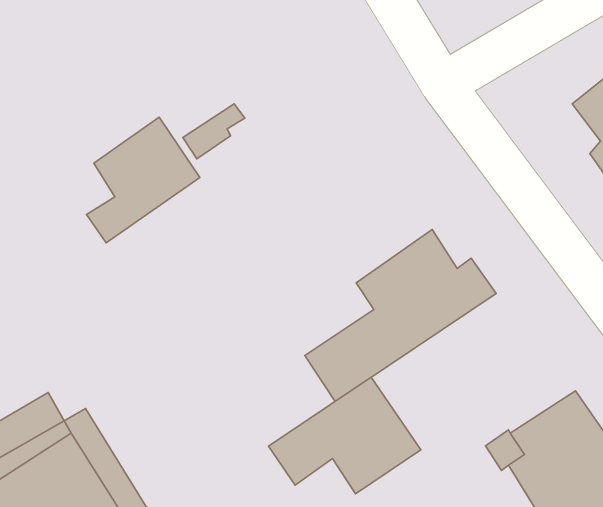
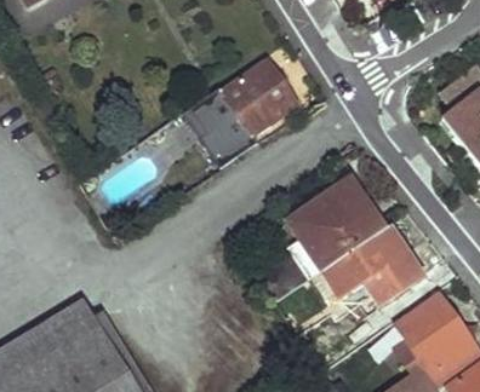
building: [87,117,200,243] -> [219,60,297,146]
building: [269,377,421,494] -> [320,227,424,307]

